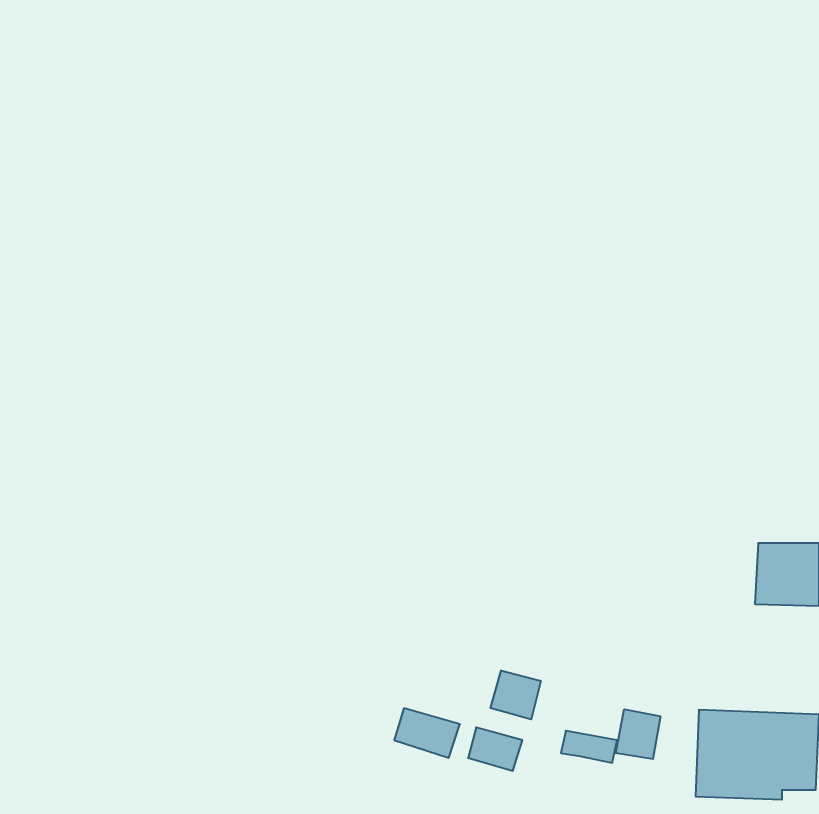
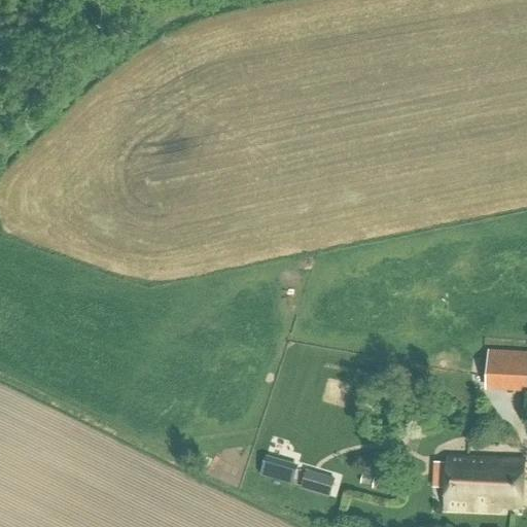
building: [490,670,541,719] -> none
building: [616,709,660,759] -> none

